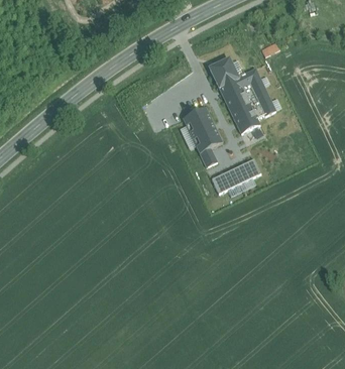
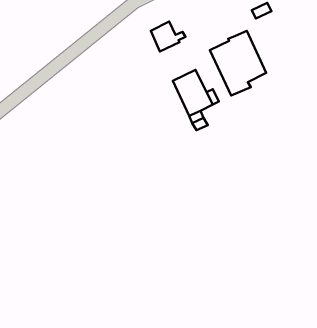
building: [210,58,244,88] -> [151,22,186,51]
building: [211,159,260,193] -> none

